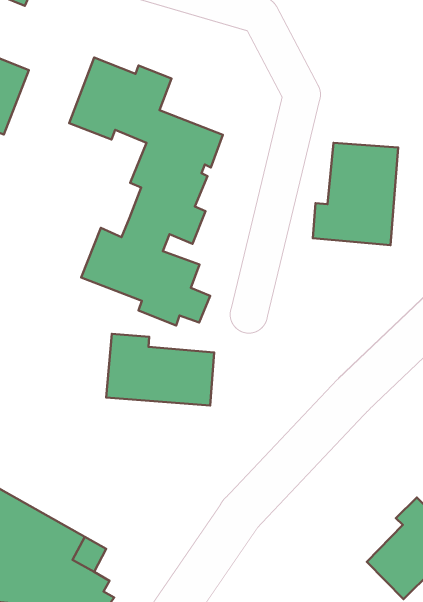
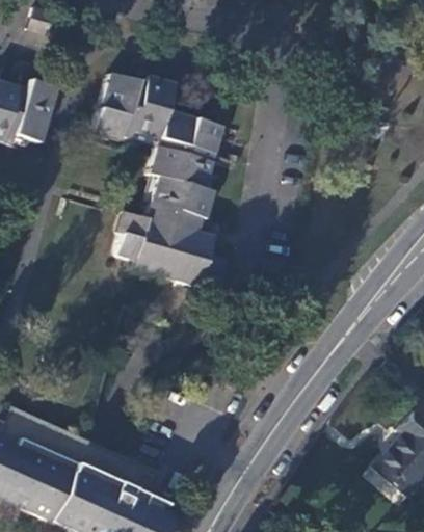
building: [313,143,398,245] -> none
building: [106,334,214,406] -> none

